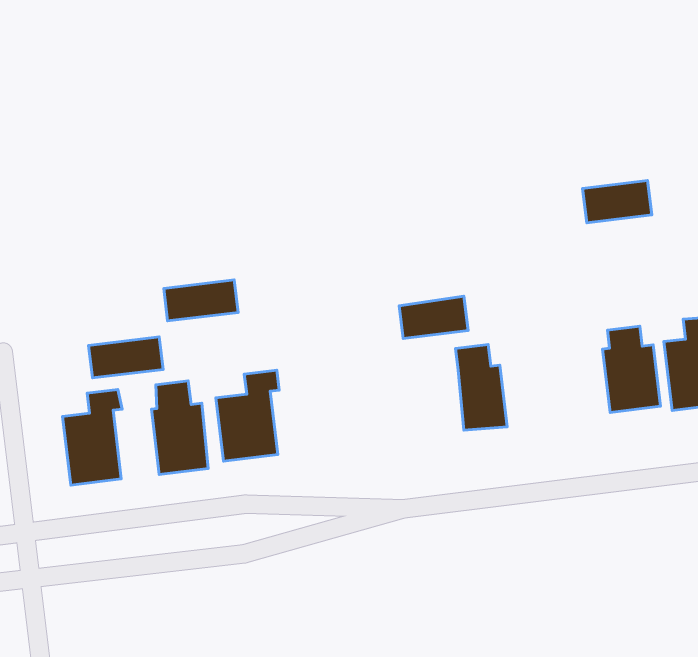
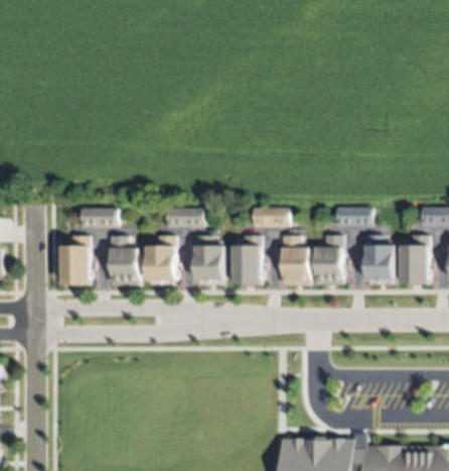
building: [583,180,652,223] -> [336,208,372,227]
building: [164,280,238,321] -> [166,209,205,227]
building: none -> [312,235,342,282]
building: none -> [229,236,261,286]
building: none -> [194,236,223,281]

